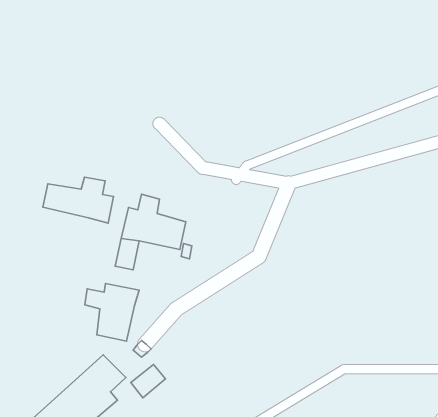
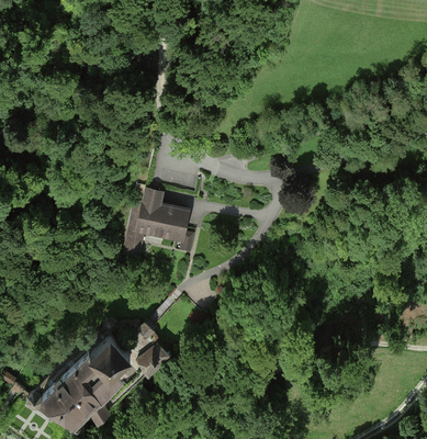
building: [43,177,114,223] -> none
building: [85,283,139,341] -> none

